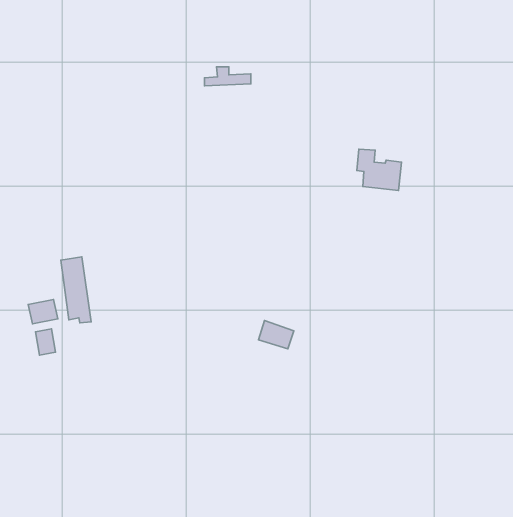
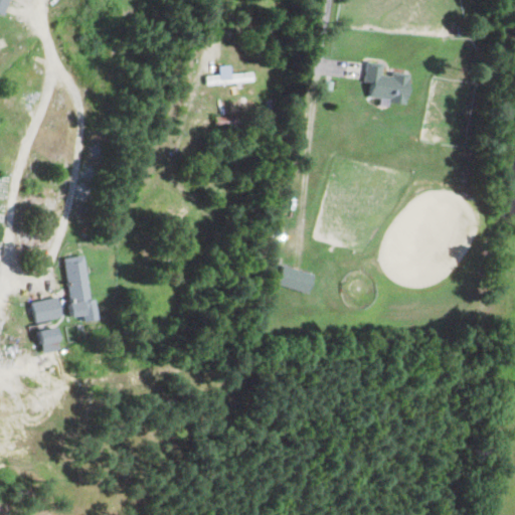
building: [357,149,401,191] -> [365,62,409,104]
building: [258,321,294,349] -> [279,266,314,294]

